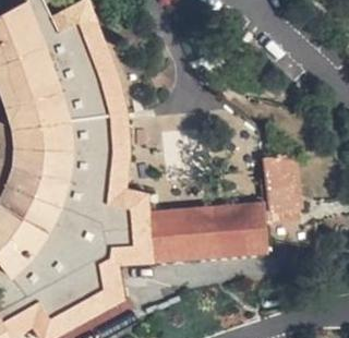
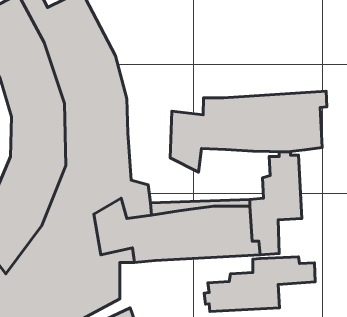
building: none -> [170,91,327,172]
building: none -> [204,257,315,311]

